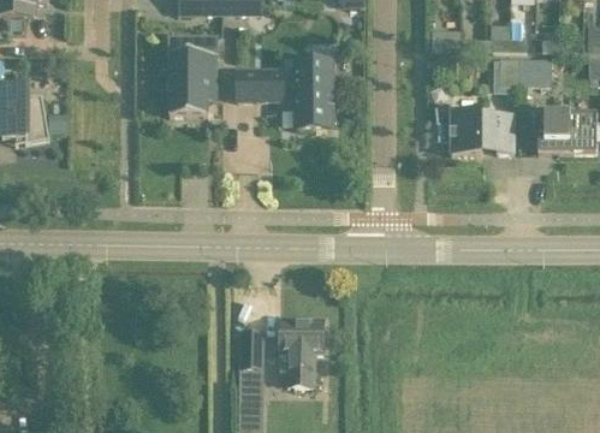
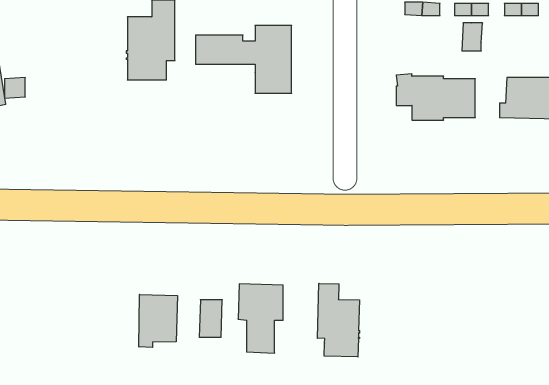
building: [518,58,552,87] -> none
building: none -> [317,283,360,357]
building: none -> [139,294,177,347]

